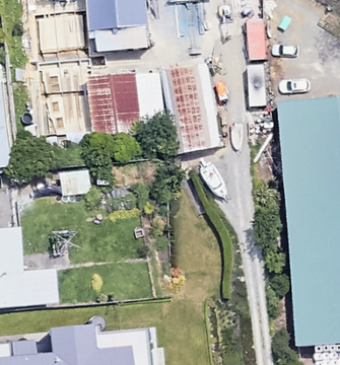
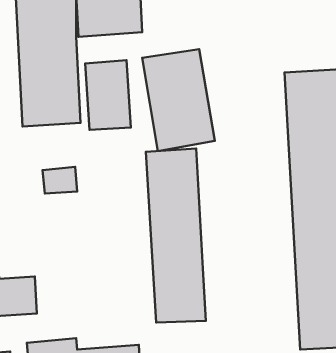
building: none -> [146,149,206,322]

